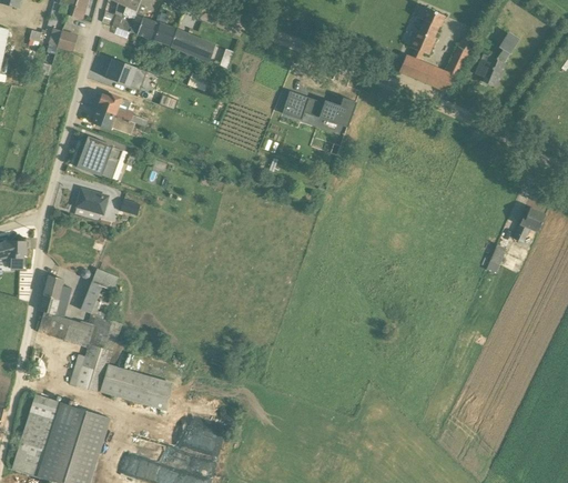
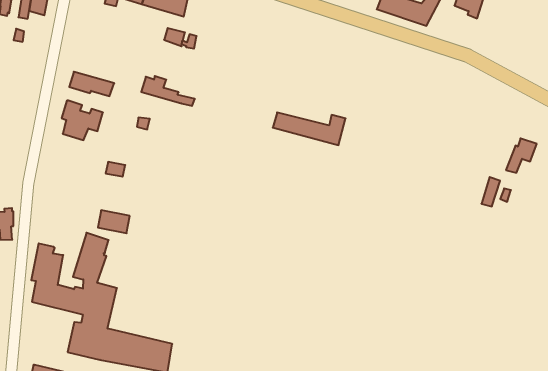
building: [104,59,148,91] -> none
building: [284,91,356,128] -> [273,112,346,145]
building: [97,94,149,127] -> [141,76,195,106]
building: [77,189,109,213] -> [98,210,130,233]

